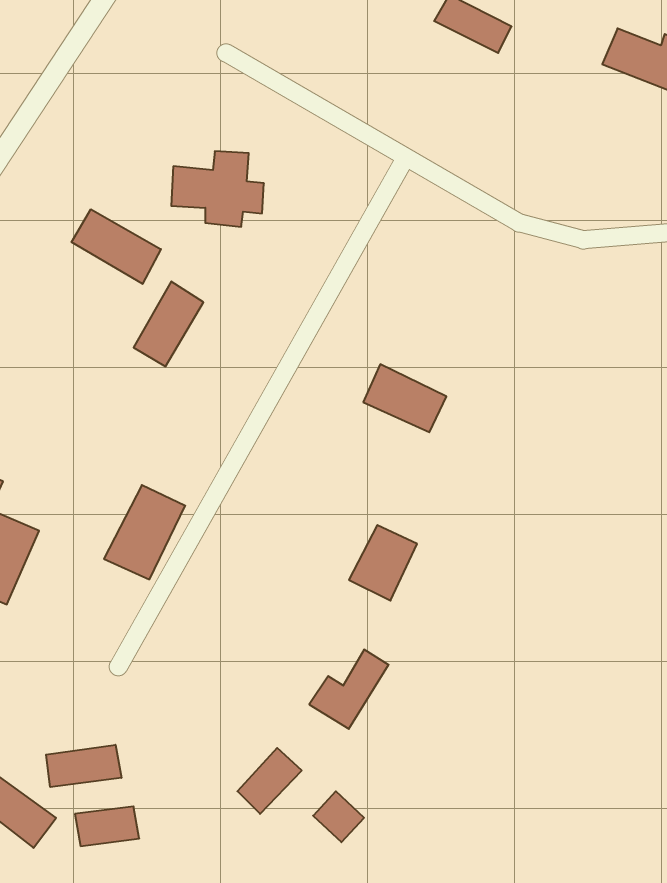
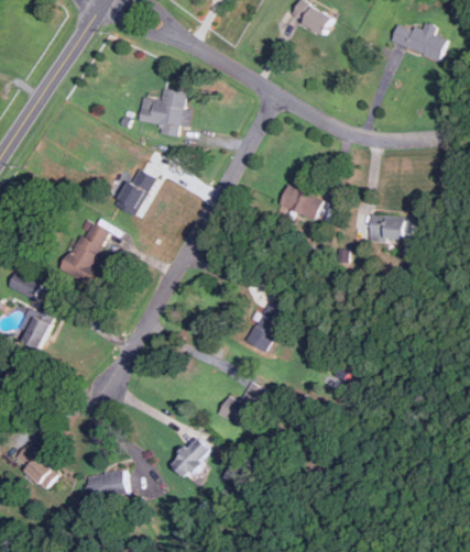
building: [72,209,161,284] -> none
building: [363,364,446,432] -> [275,184,324,223]
building: none -> [359,217,404,246]
building: [104,485,185,579] -> [68,219,116,274]
building: [46,745,121,787] -> none

